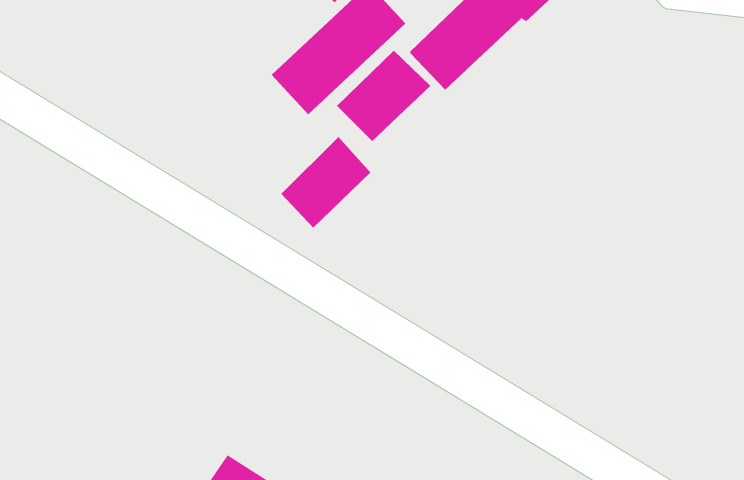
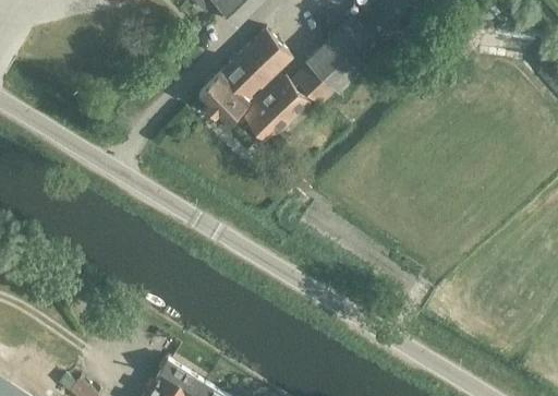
building: [281,136,371,228] -> none

